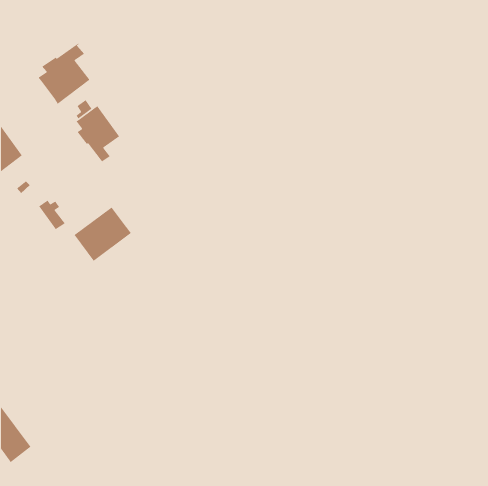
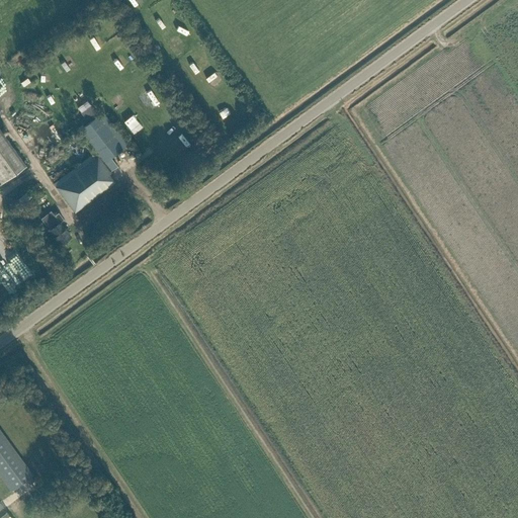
building: [38,42,91,105] -> none
building: [73,206,132,262] -> [53,155,114,213]

